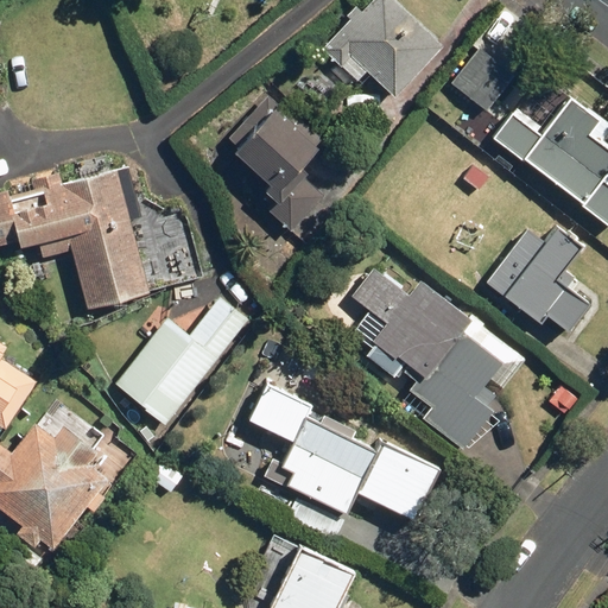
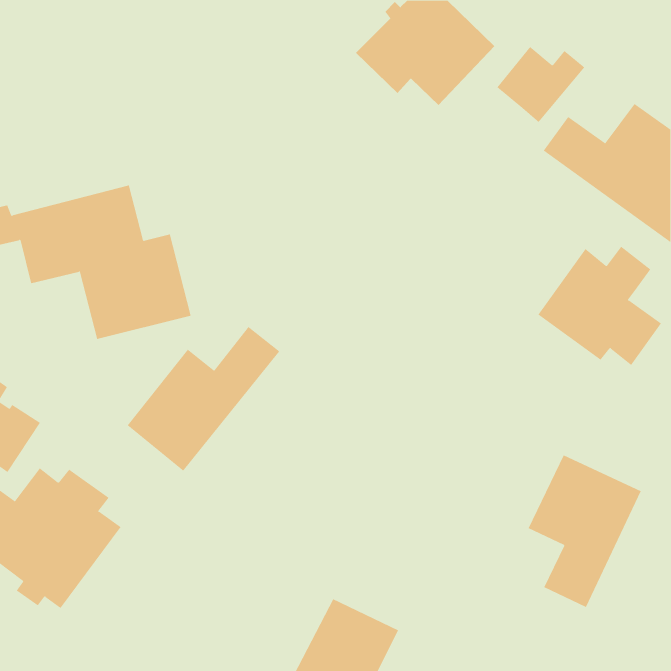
building: [226,96,324,234] -> none
building: [352,267,526,454] -> none
building: [245,381,443,521] -> none
building: none -> [528,454,641,608]

